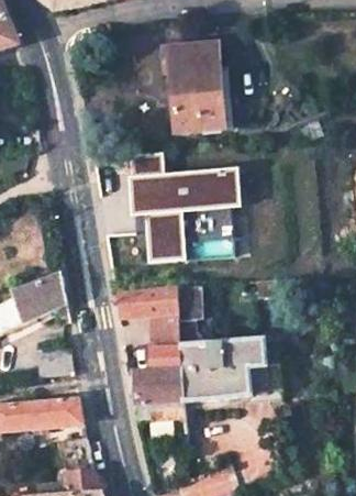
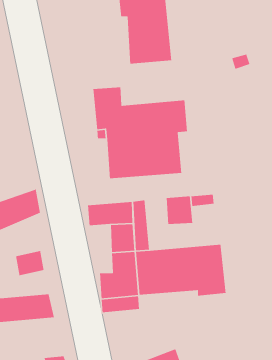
building: none -> [166,195,193,225]

